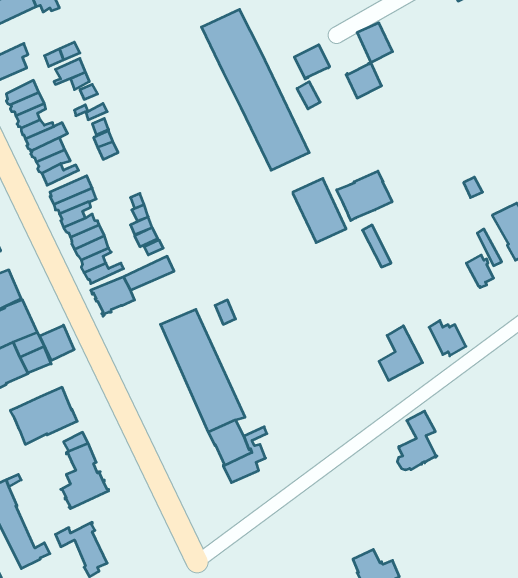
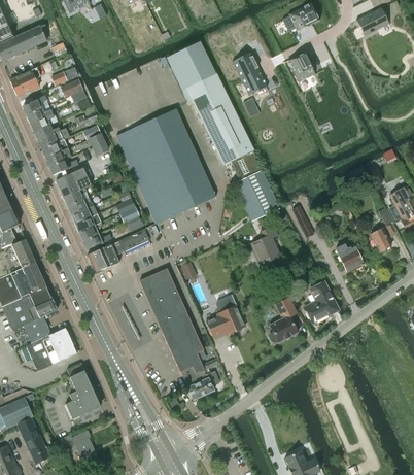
building: [346,63,382,98] -> [232,52,258,78]
building: none -> [115,109,215,224]
building: [337,171,392,221] -> none
building: none -> [250,226,279,265]
building: [429,320,466,356] -> [335,244,363,271]
building: [40,325,74,360] -> [23,316,48,343]
building: none -> [205,295,245,336]
building: [397,411,437,470] -> [268,298,298,342]

